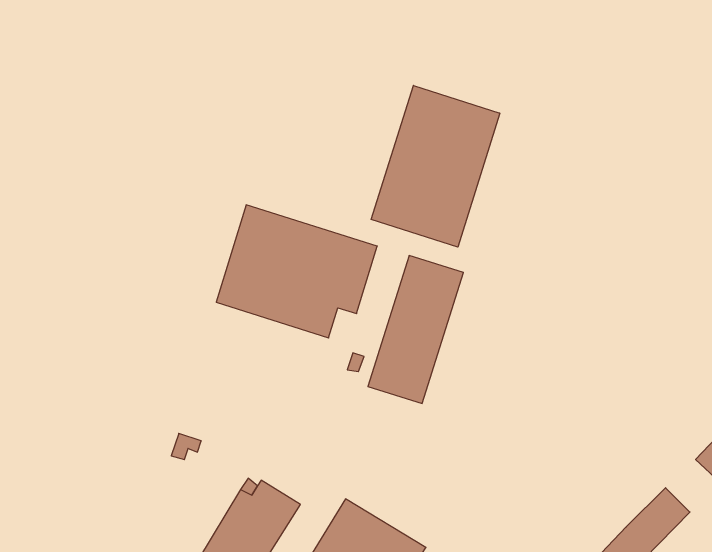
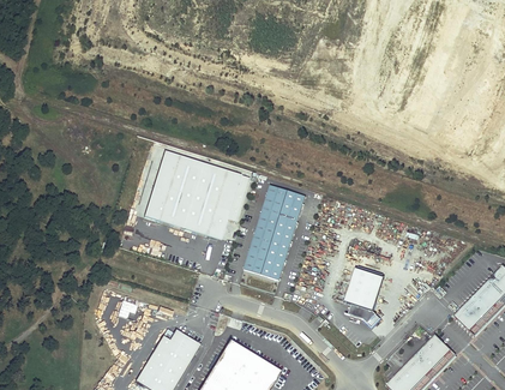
building: [371,85,500,247] -> none
building: none -> [343,269,384,328]

